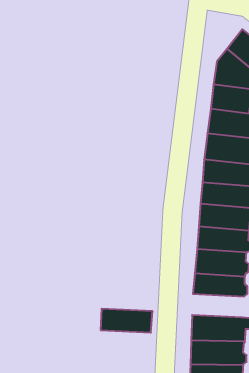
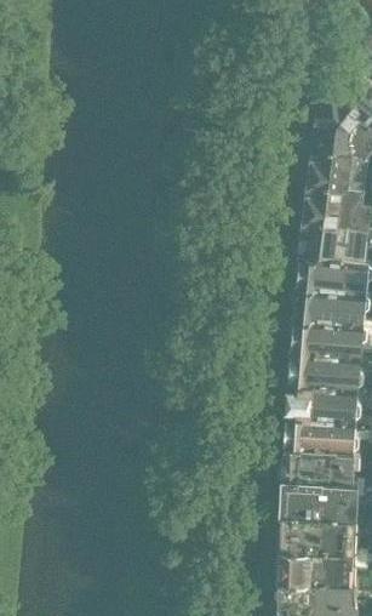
building: [101,309,153,333] -> [281,450,355,484]

